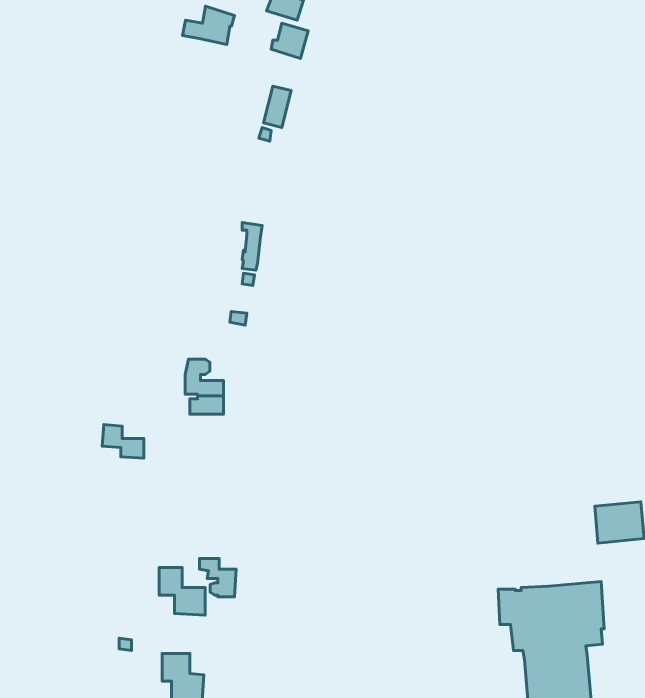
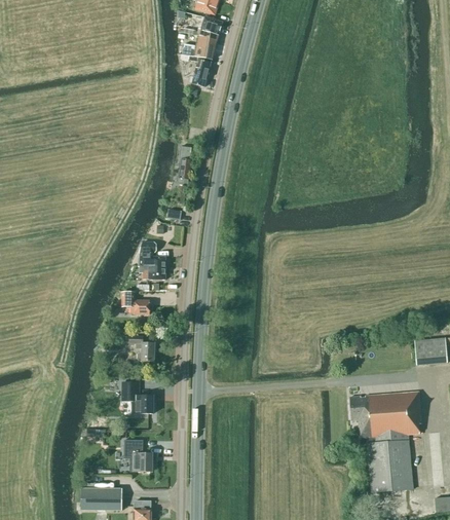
building: [182,6,235,45] -> [182,34,217,60]
building: [102,425,144,458] -> [121,291,149,313]
building: [199,558,236,597] -> [129,335,154,361]

